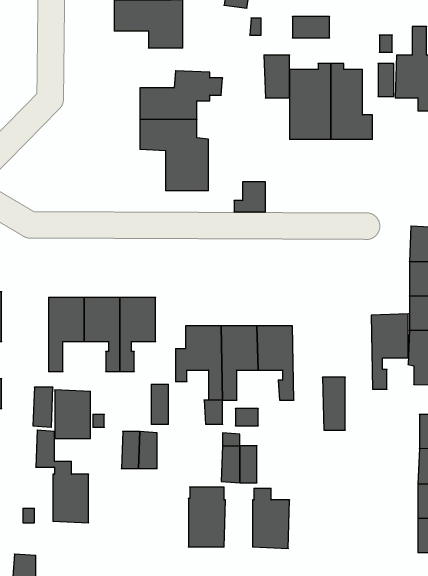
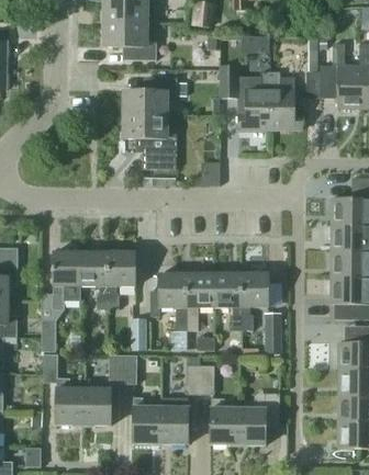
building: [371,314,408,389] -> [241,272,269,330]
building: [55,390,90,438] -> [83,387,111,425]
building: none -> [237,393,279,444]
building: none -> [133,397,160,443]

